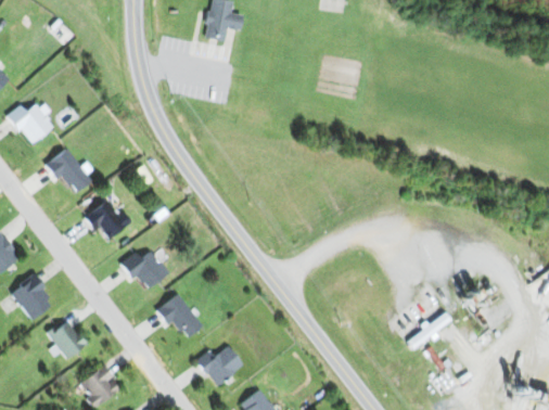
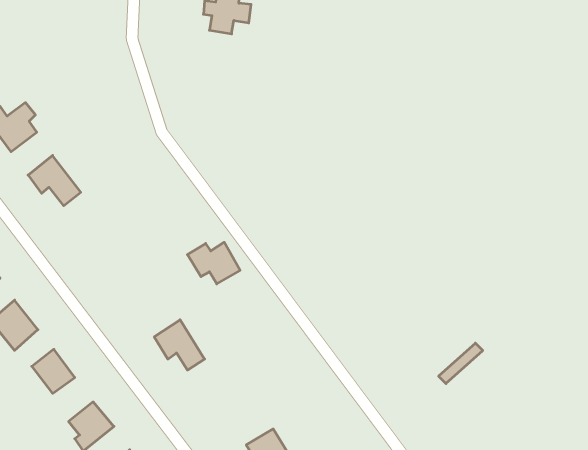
building: [84,200,131,239] -> none
building: [119,251,166,287] -> [187,242,240,284]
building: [195,346,242,386] -> none

